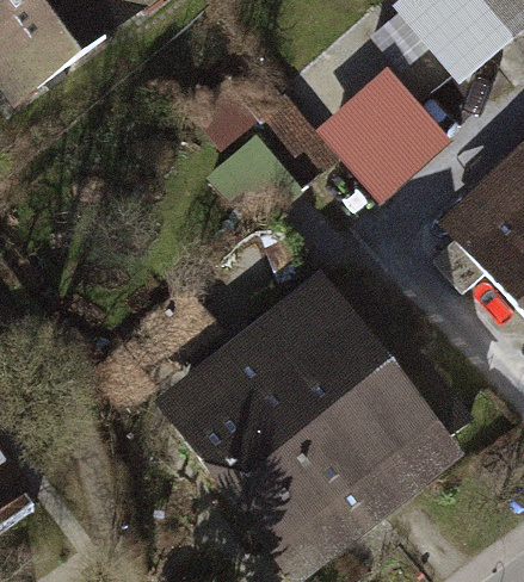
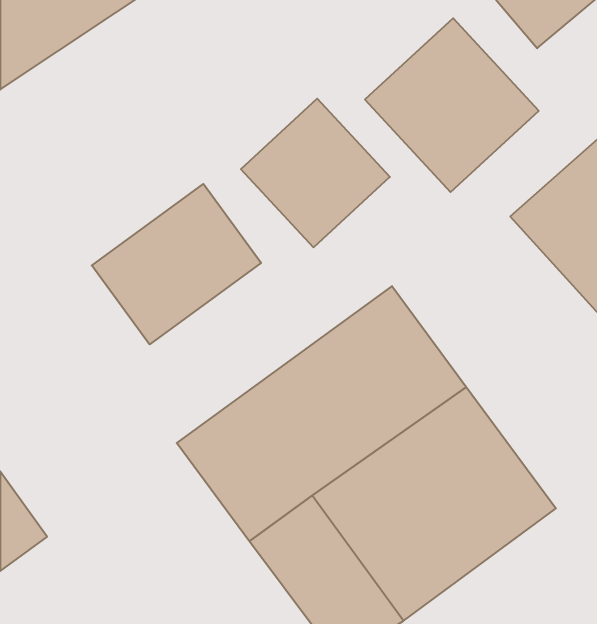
building: none -> [241,99,390,247]
building: none -> [92,184,261,344]

